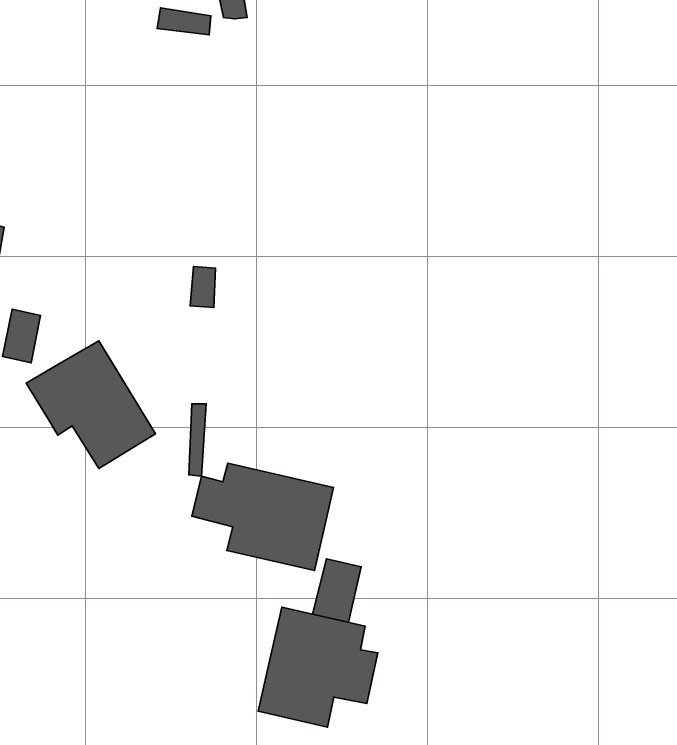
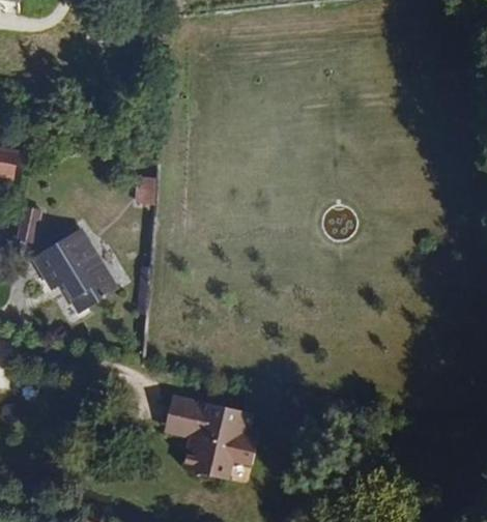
building: [192,463,333,570] -> none
building: [312,559,361,622] -> [166,397,198,438]

